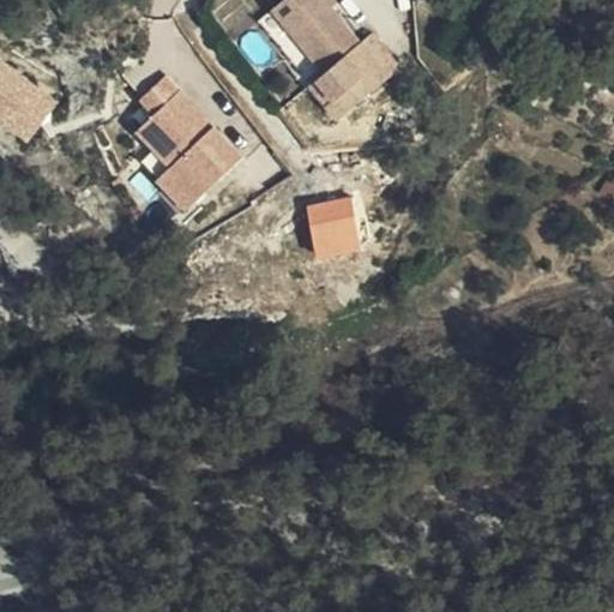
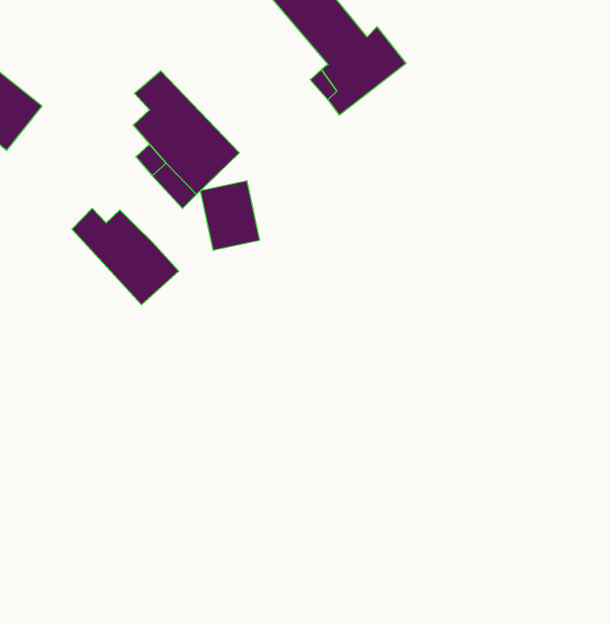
building: [299,200,355,266] -> [200,181,260,250]
building: none -> [72,208,179,305]

